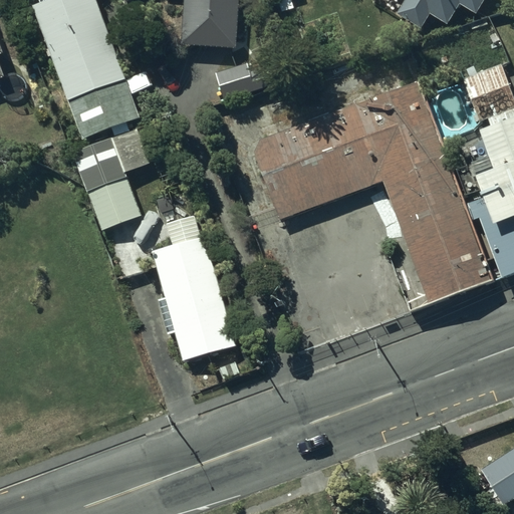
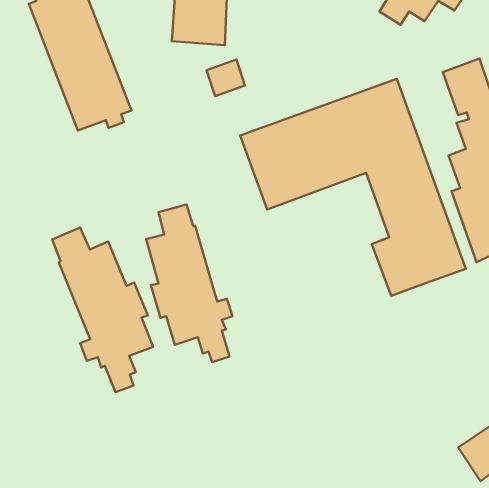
building: [73,127,153,230] -> none
building: none -> [52,228,153,392]

